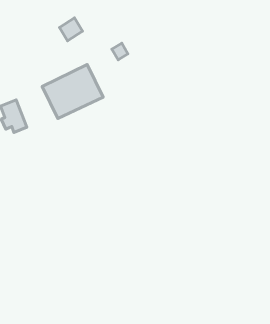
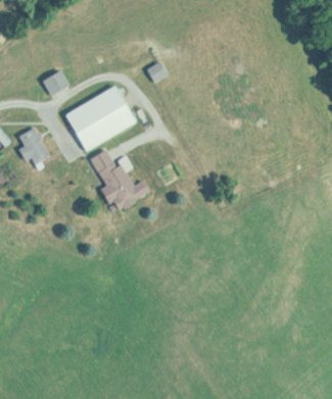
building: [60,18,83,41] -> [42,69,68,96]
building: none -> [88,148,149,212]

